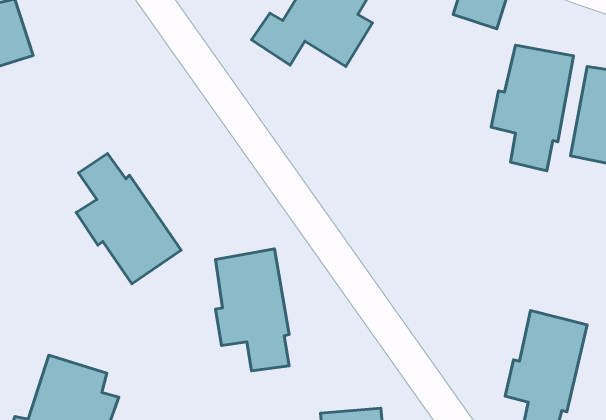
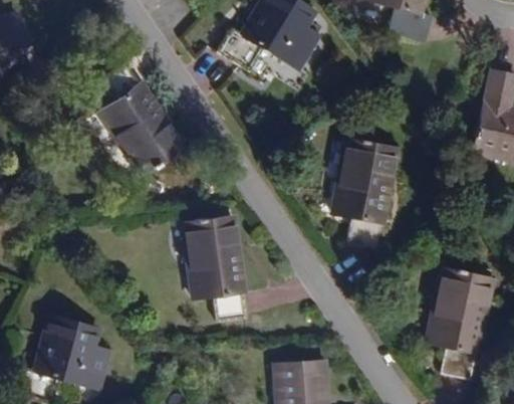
building: [491,45,573,171] -> [331,140,400,244]
building: [76,153,181,284] -> [95,64,183,173]

